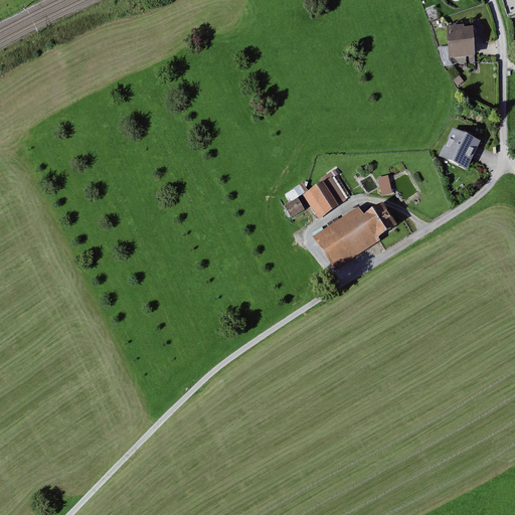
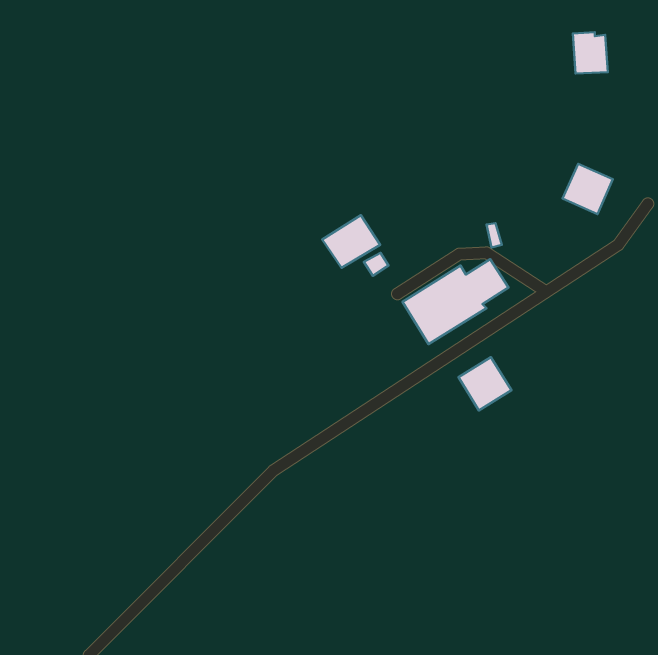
building: [302,175,347,216] -> [322,215,380,268]
building: none -> [458,357,511,410]

